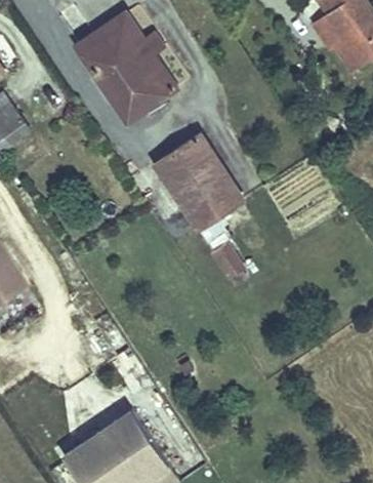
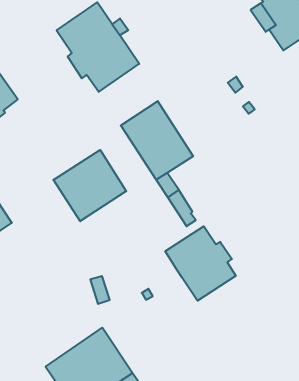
building: none -> [53,150,126,221]
building: none -> [165,226,236,301]

